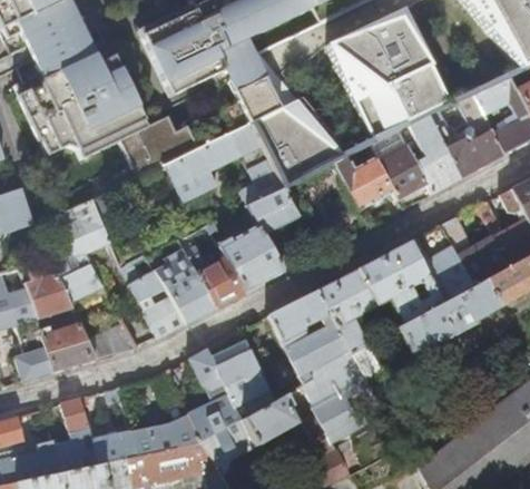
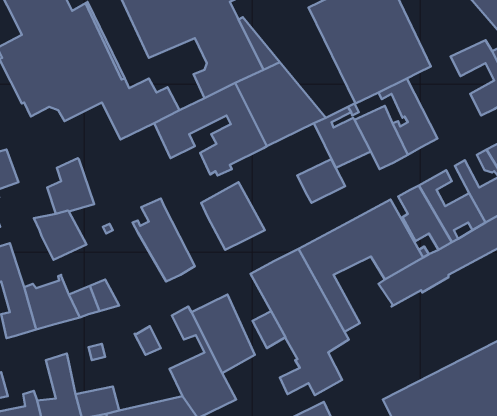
building: [430,110,506,177] -> none
building: [249,187,298,232] -> [297,159,345,203]
building: [183,242,245,307] -> none
building: [26,265,73,319] -> none
building: [136,273,185,338] -> none
building: [242,392,298,443] -> none
building: [130,407,202,454] -> none

